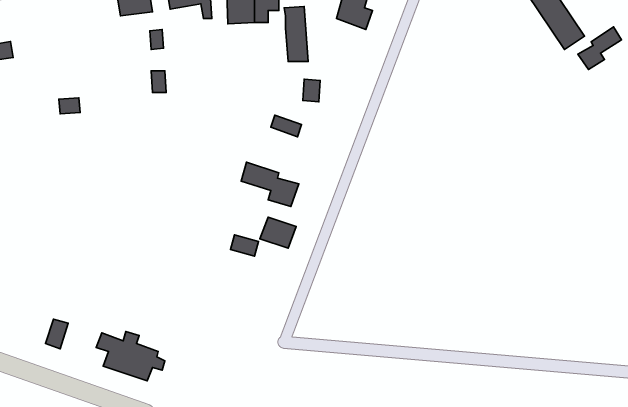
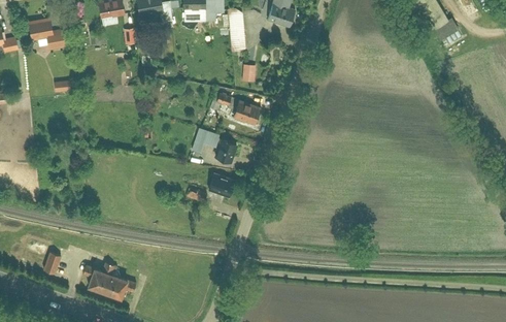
building: none -> [30,17,66,50]
building: [578,27,621,70] -> none
building: none -> [234,101,261,126]

